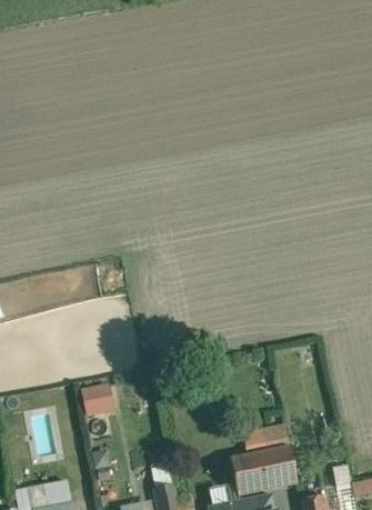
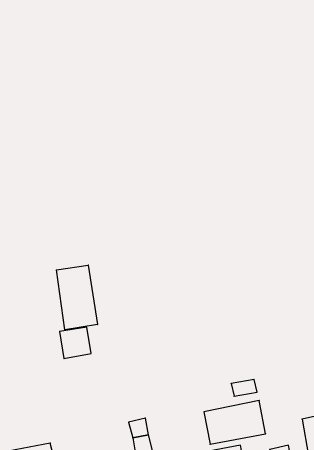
building: none -> [56,265,97,330]

